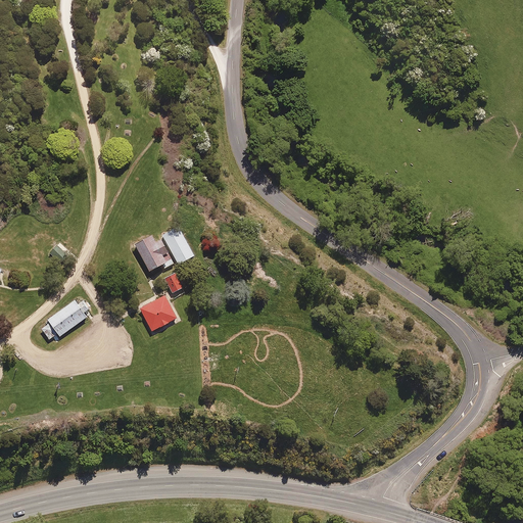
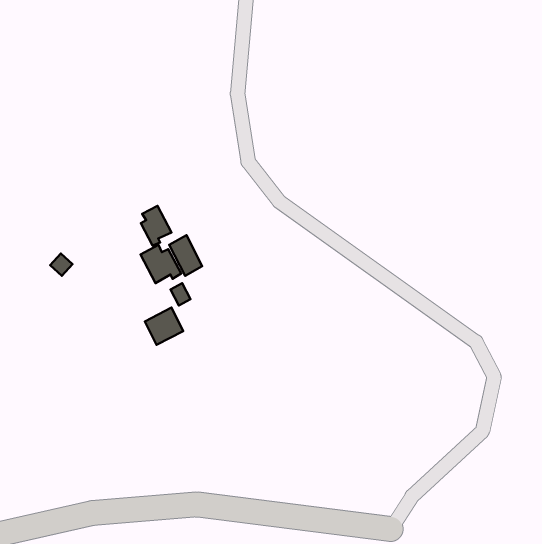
building: none -> [141,206,171,246]
building: [40,299,89,339] -> none

